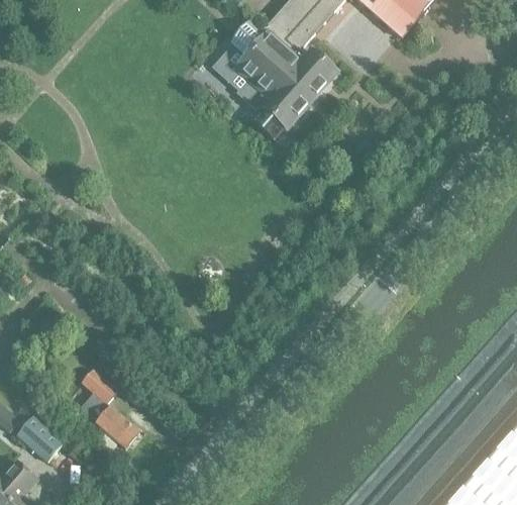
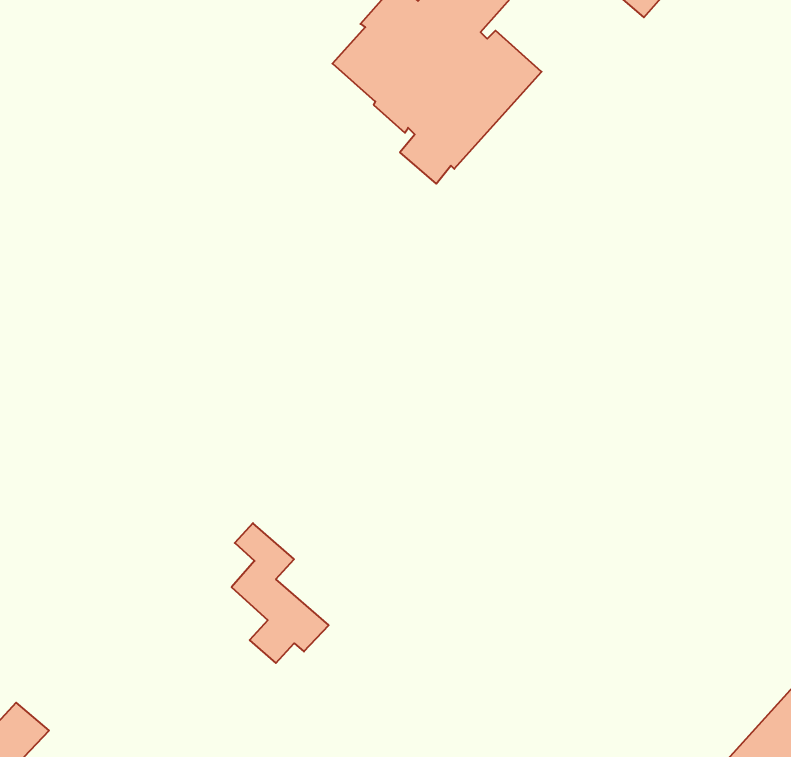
building: [79,367,138,452] -> [232,523,329,663]
building: [18,413,66,459] -> none

